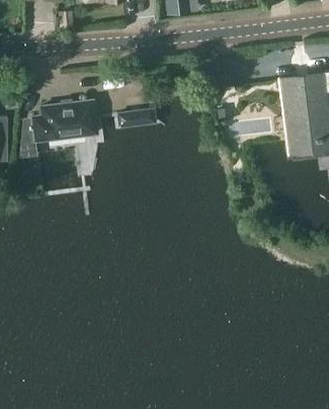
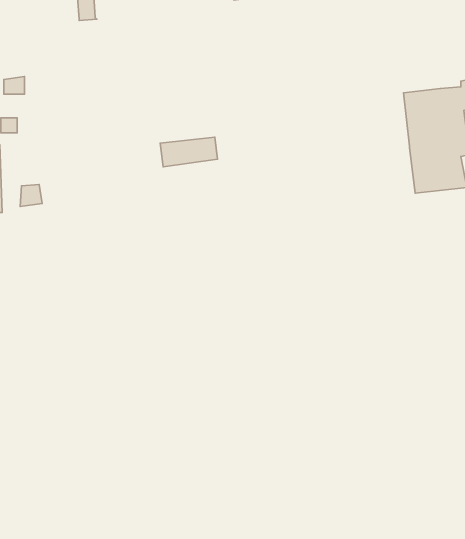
building: [30,102,94,143] -> none

